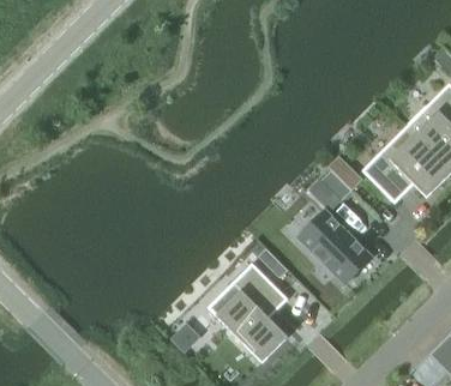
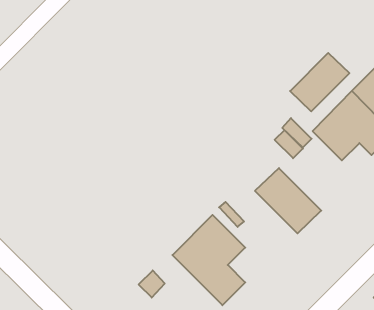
building: none -> [290,53,349,111]

